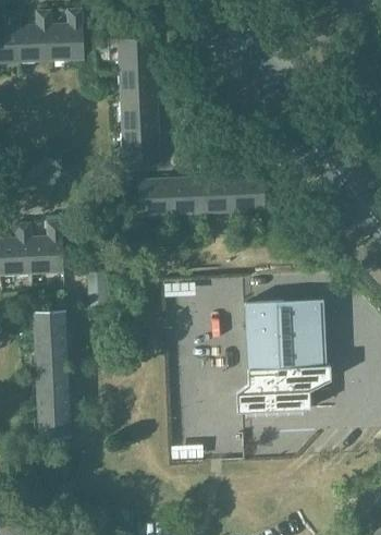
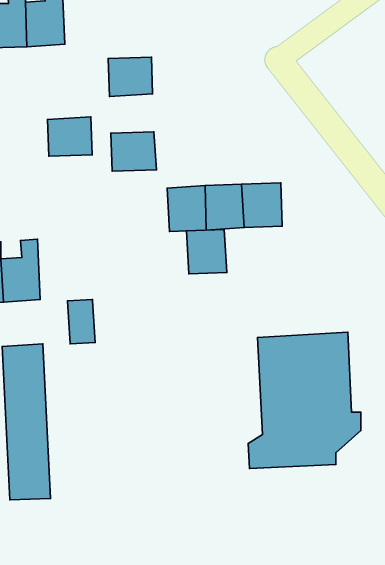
building: [118,37,156,71] -> none
building: [121,100,158,133] -> [48,117,92,156]
building: [137,179,171,216] -> [186,229,227,274]

